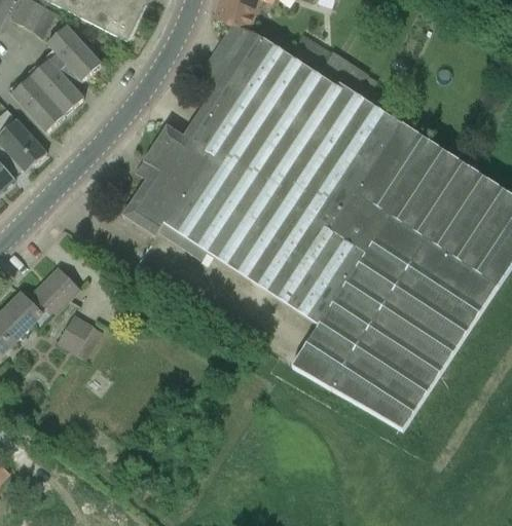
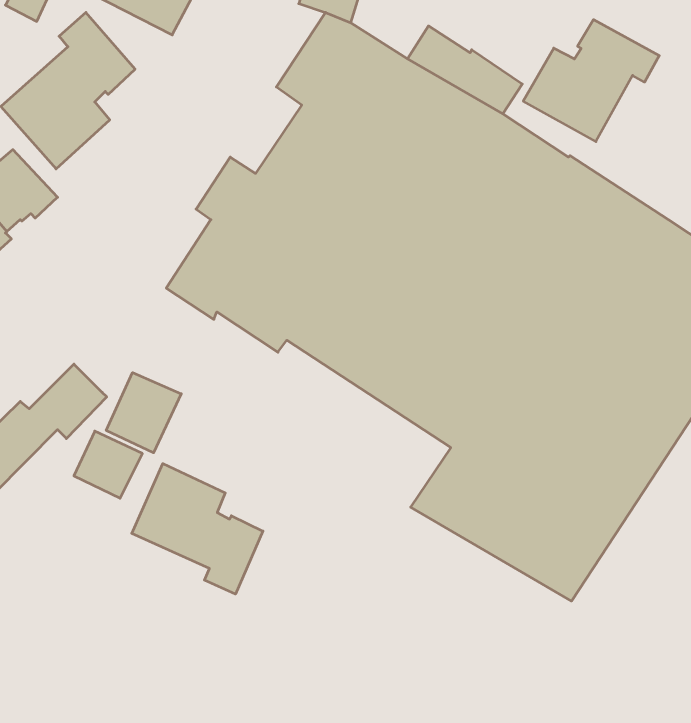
building: none -> [523,20,659,142]
building: none -> [106,373,181,453]
building: none -> [132,464,263,594]

